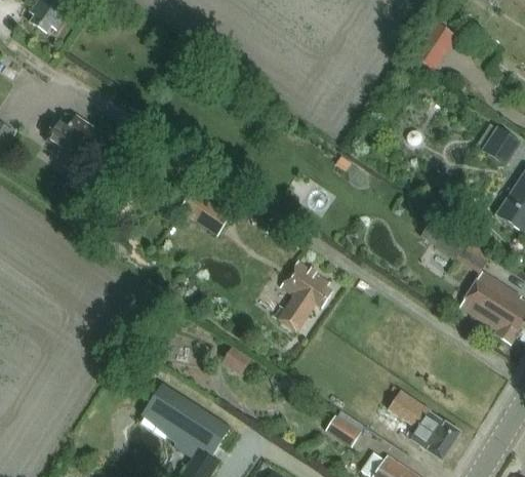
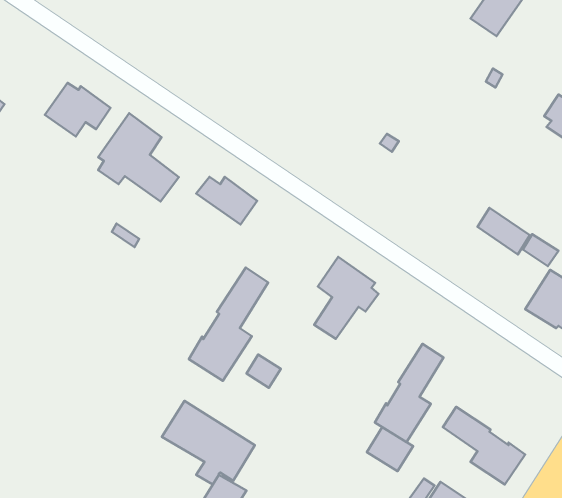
building: none -> [98,113,179,202]
building: none -> [189,267,268,381]
building: none -> [375,344,443,442]

